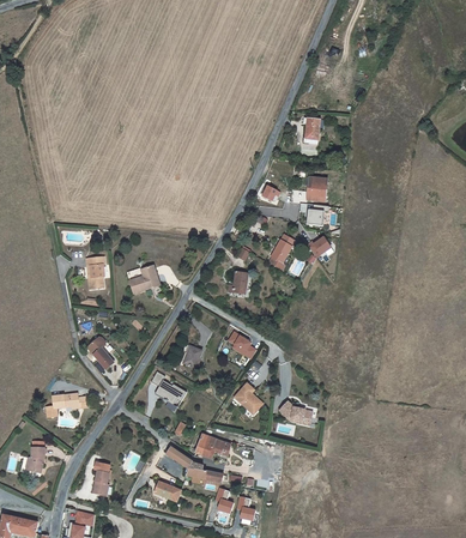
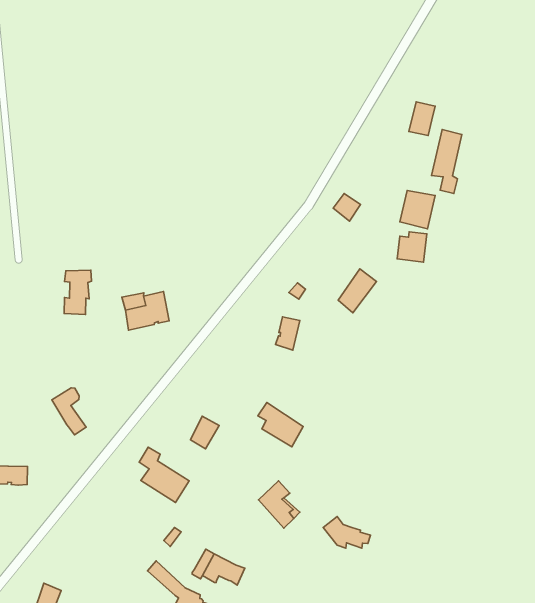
building: none -> [432,130,462,194]

